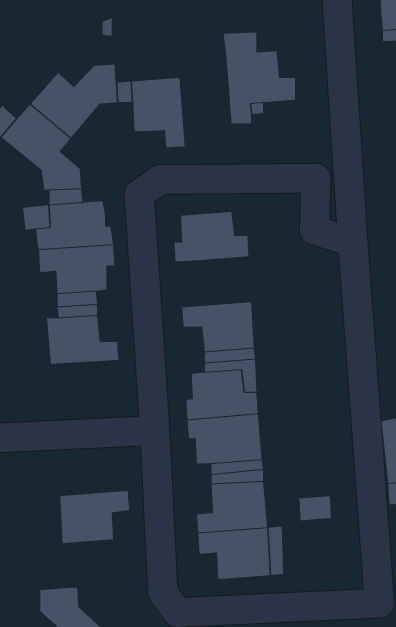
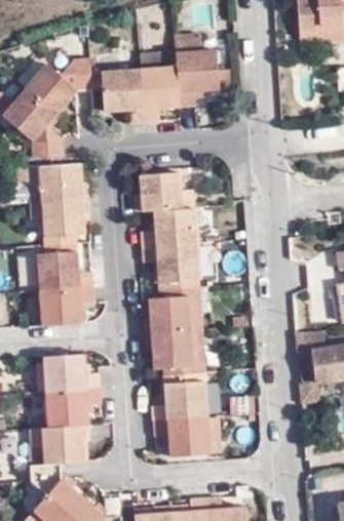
building: none -> [138,51,179,122]
building: none -> [140,207,195,246]
building: none -> [39,287,94,326]
building: none -> [43,354,100,392]
building: none -> [31,426,90,464]

